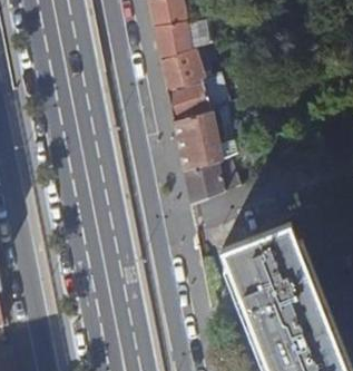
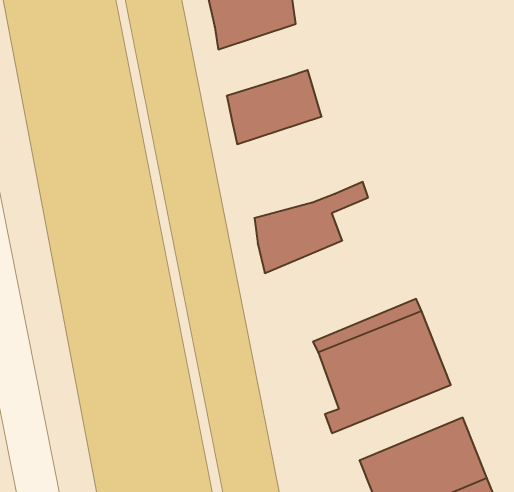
building: [159,43,215,90] -> none
building: [171,104,235,169] -> none
building: [233,277,317,326] -> none

